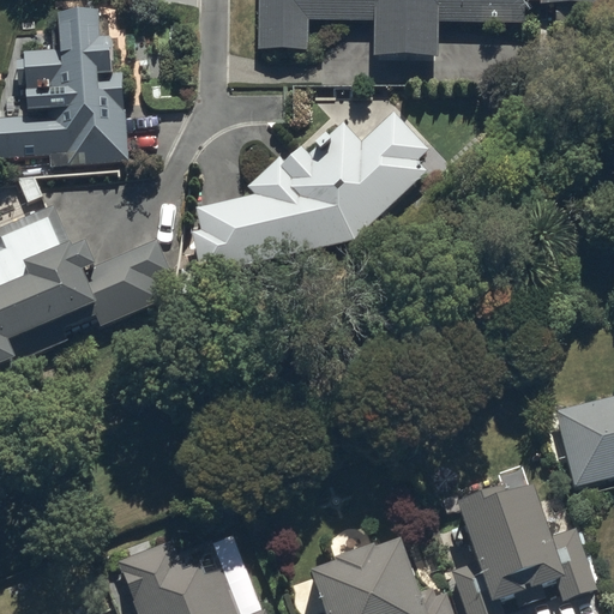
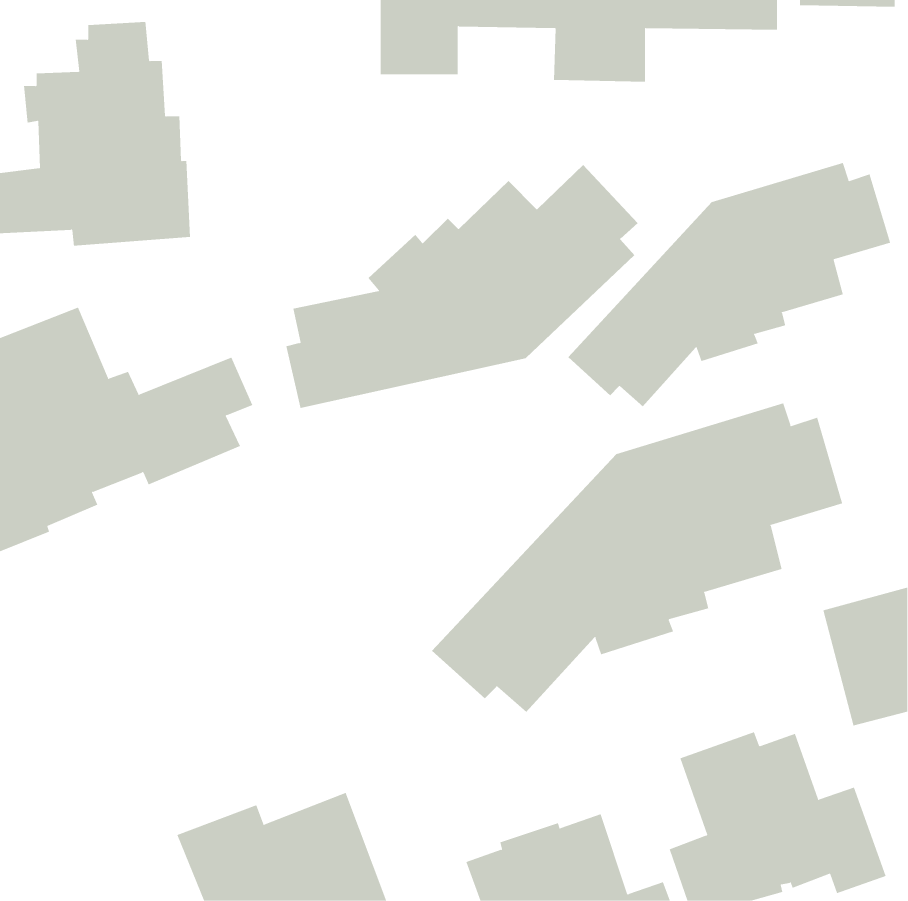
building: none -> [568,162,891,407]
building: none -> [431,403,843,713]

